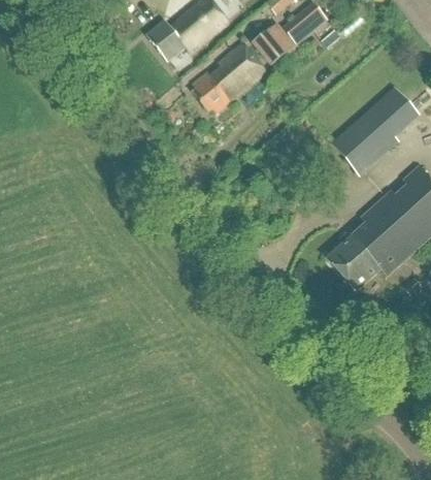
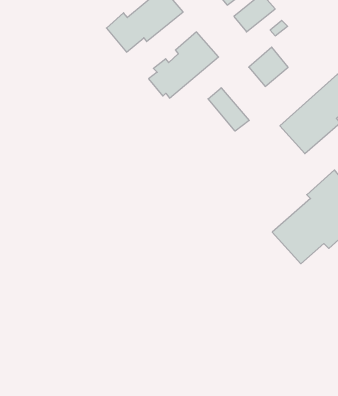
building: [253,22,295,64] -> [249,47,288,86]
building: none -> [208,88,249,131]

